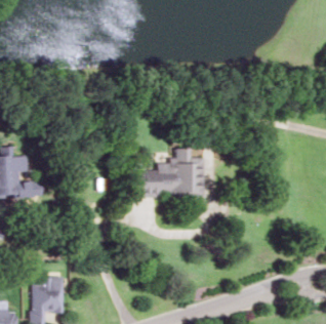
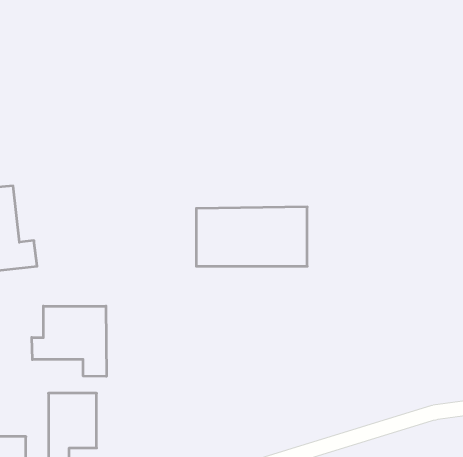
building: none -> [32,306,106,376]

